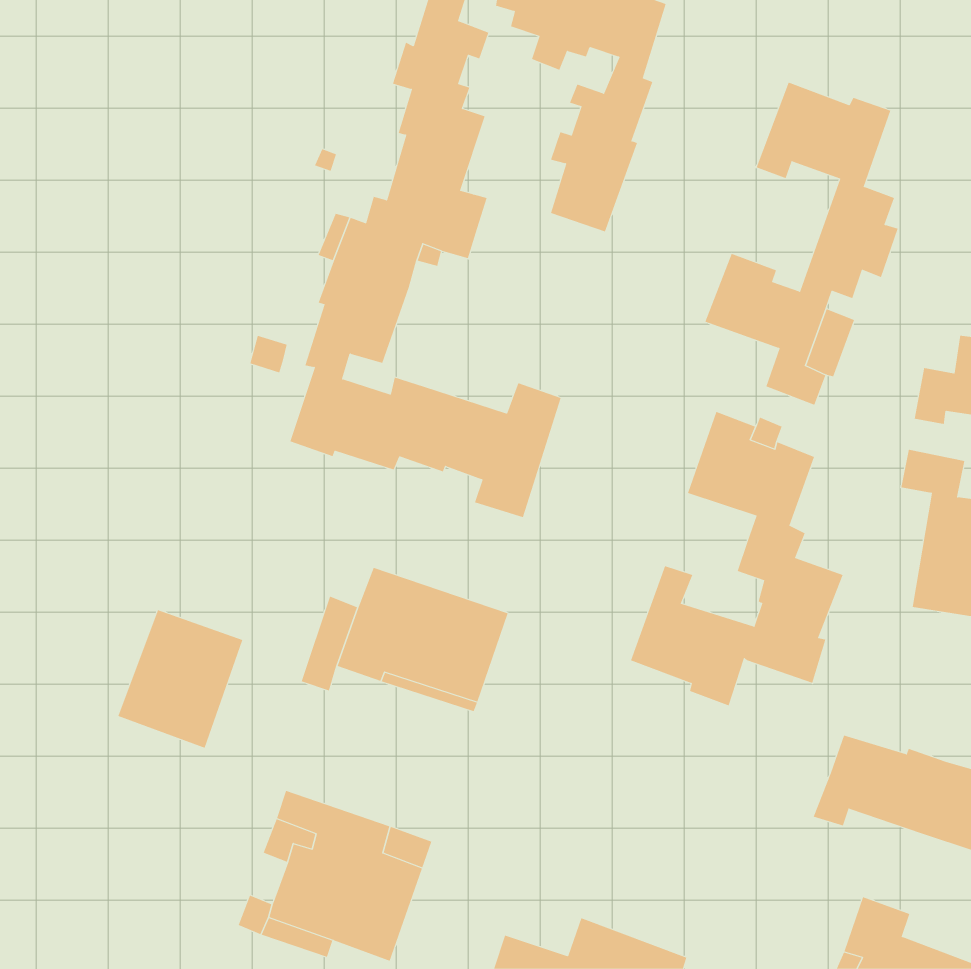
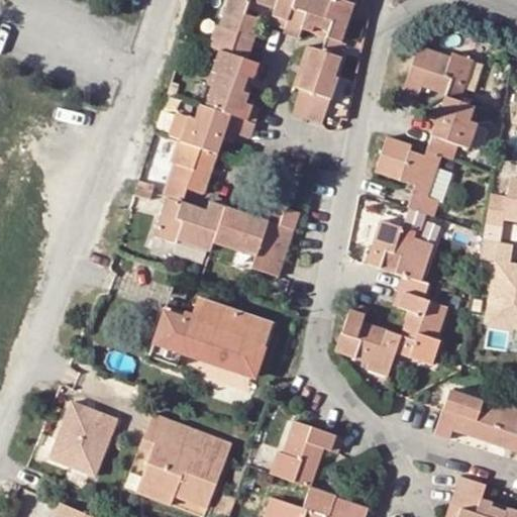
building: [118,609,243,748] -> [50,410,117,484]
building: none -> [268,420,342,487]

